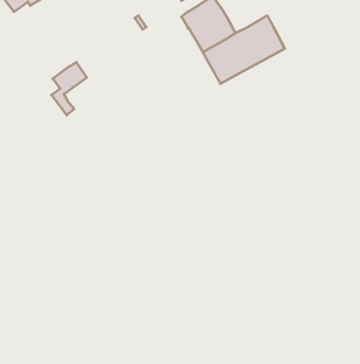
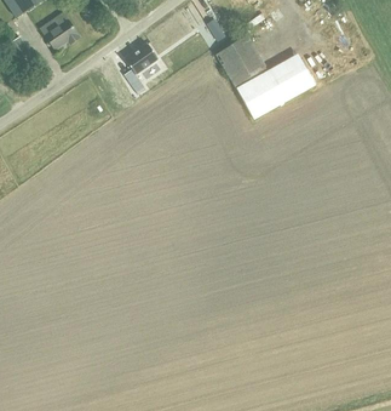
building: [51,62,87,115] -> [123,44,157,95]

